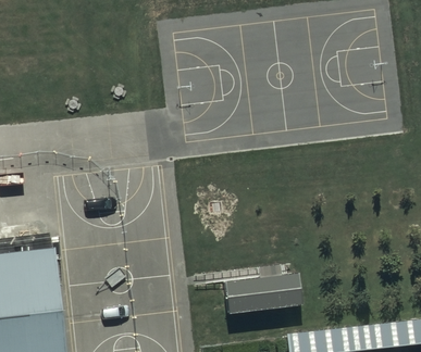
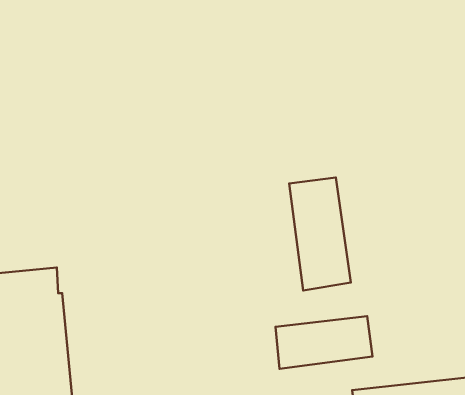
building: none -> [289,178,351,290]

